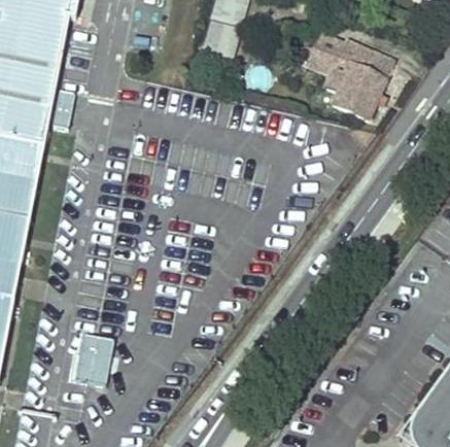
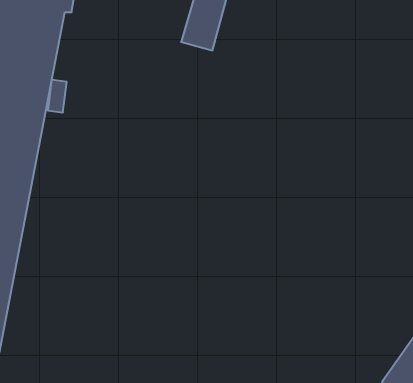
building: [305,25,397,124] -> none
building: [72,332,114,382] -> none

